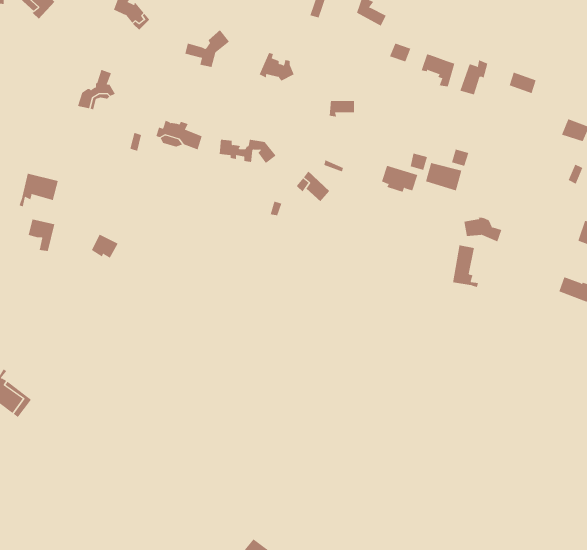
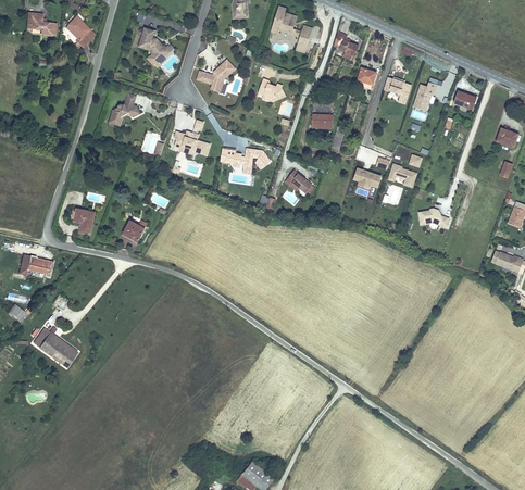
building: [19,173,58,207] -> none
building: [453,244,478,288] -> none

